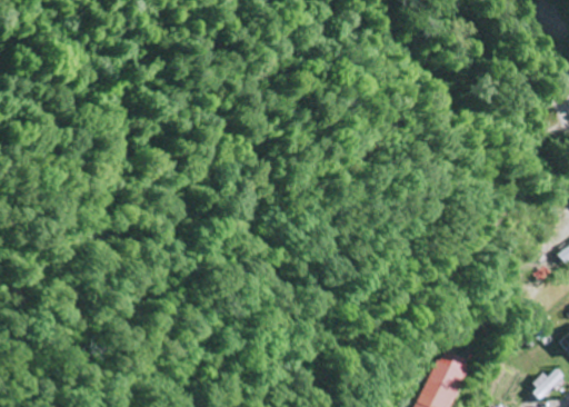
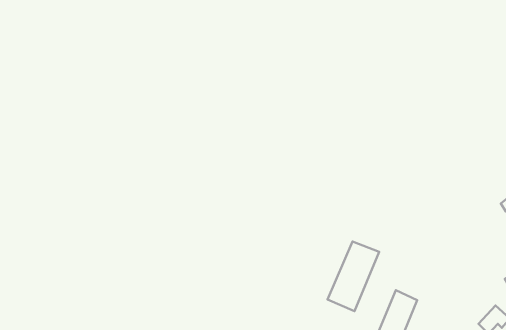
building: none -> [328,242,379,311]

